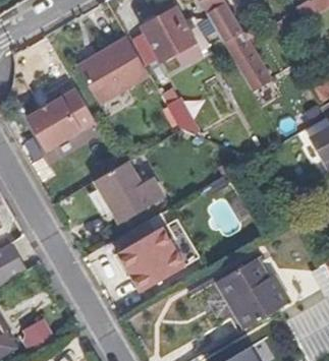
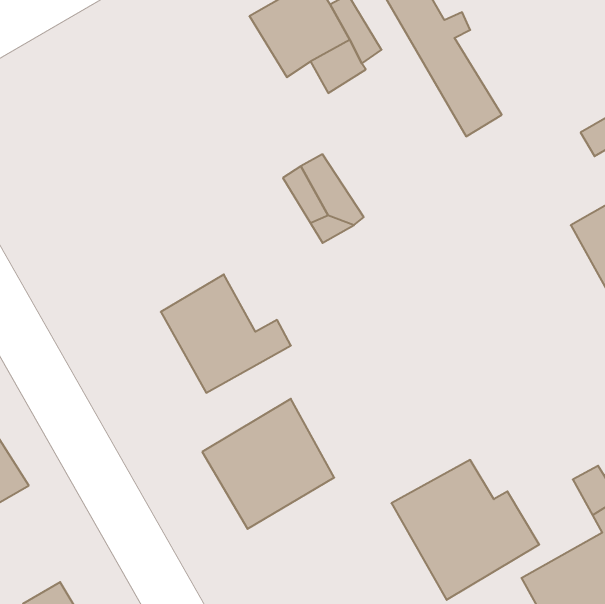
building: [77,38,149,104] -> none
building: [25,88,96,152] -> none

